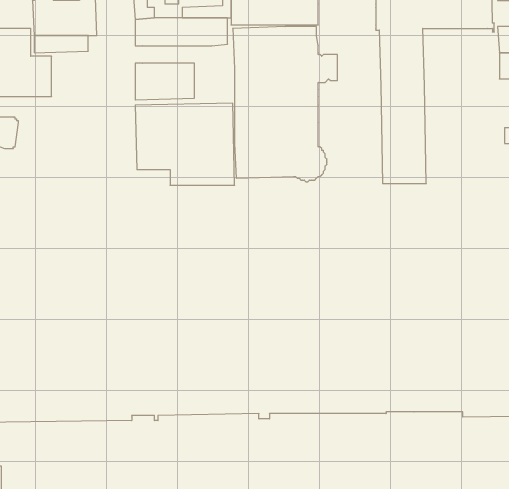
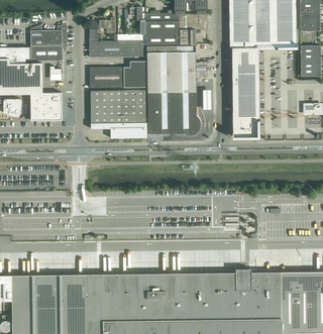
building: none -> [124,62,146,88]
building: none -> [31,93,62,120]

